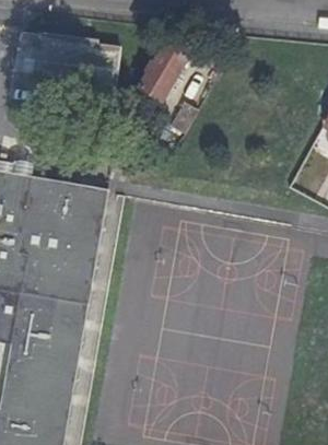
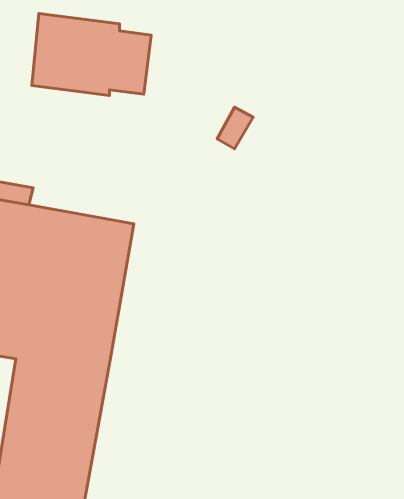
building: [132,47,185,105] -> none

